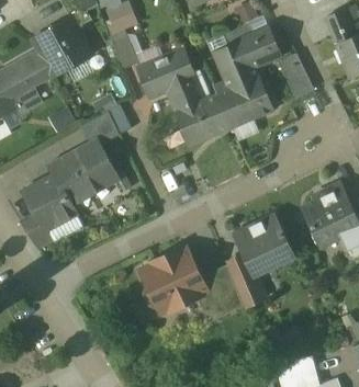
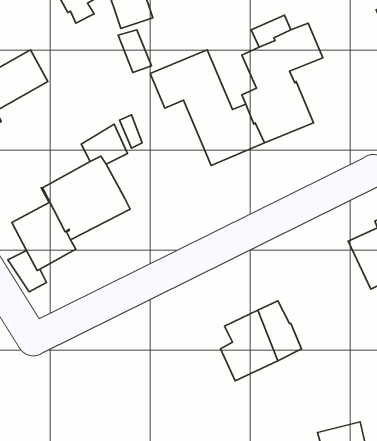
building: [36,18,92,76] -> none
building: [278,53,315,99] -> none
building: [233,215,295,275] -> none
building: [142,249,206,311] -> none

